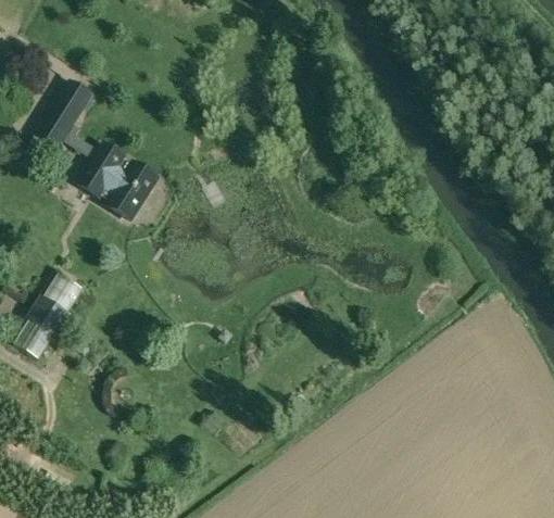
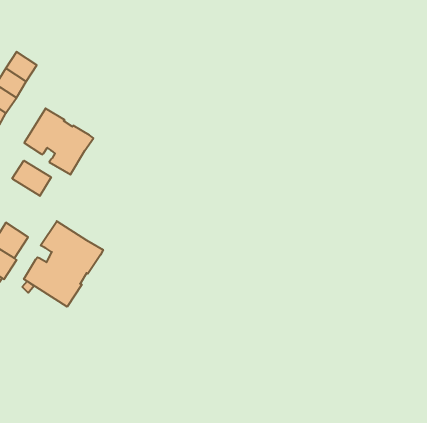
building: none -> [12,161,51,196]
building: none -> [24,221,103,307]

